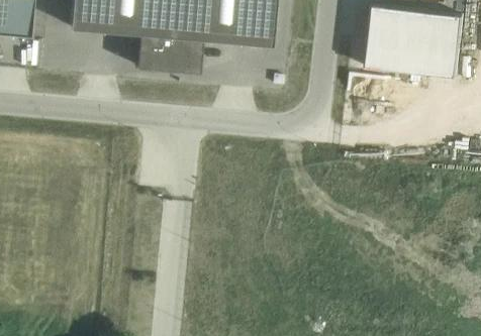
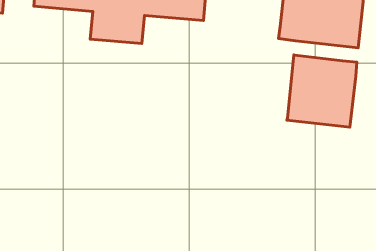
building: none -> [287,55,357,127]

